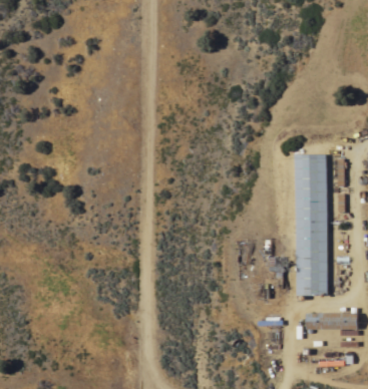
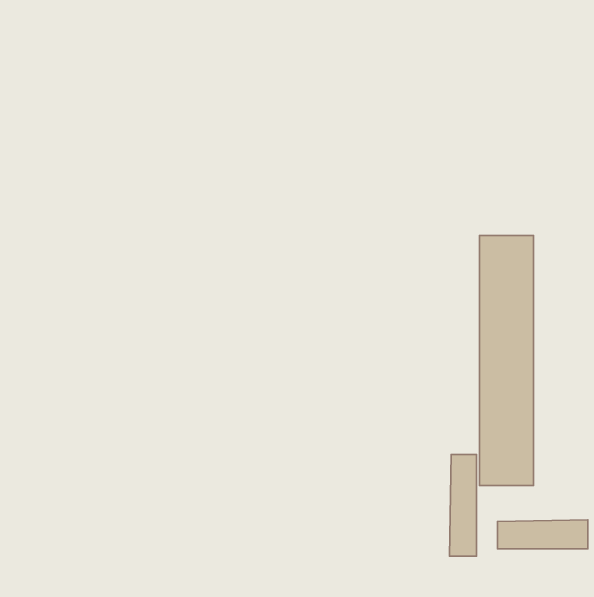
building: none -> [449,455,476,556]

